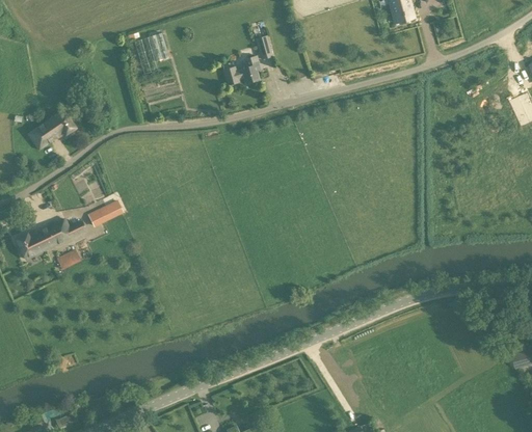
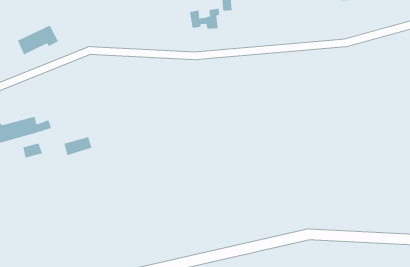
building: [88,200,123,227] -> [64,136,92,156]

